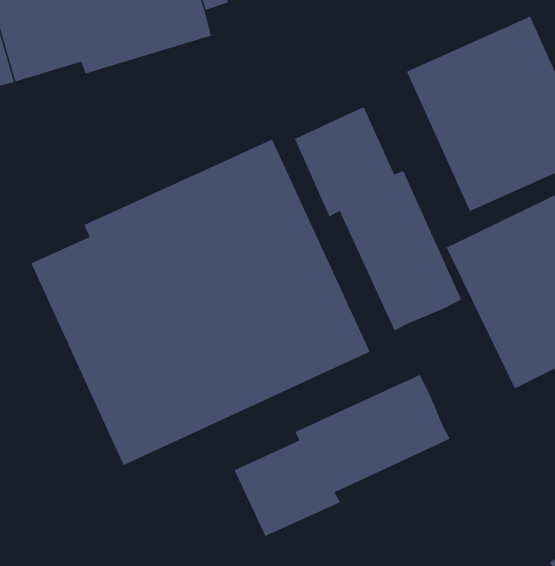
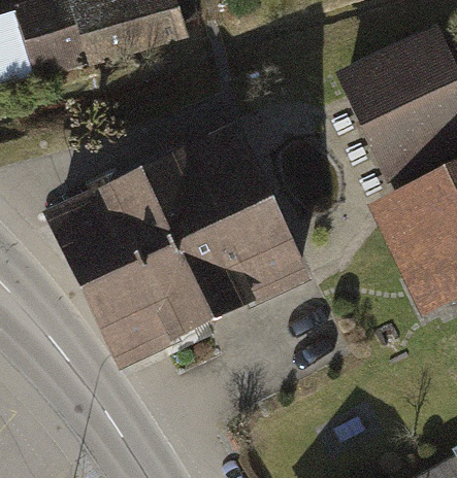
building: [294,106,462,331] -> none
building: [234,374,450,537] -> none

